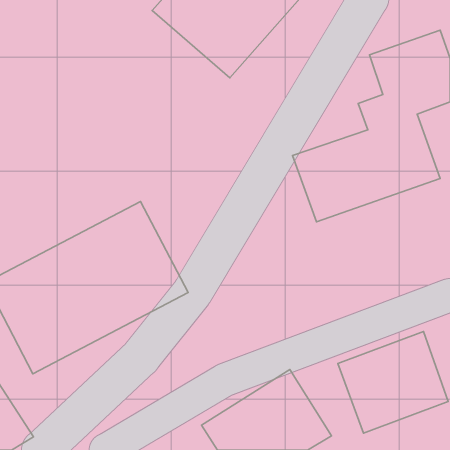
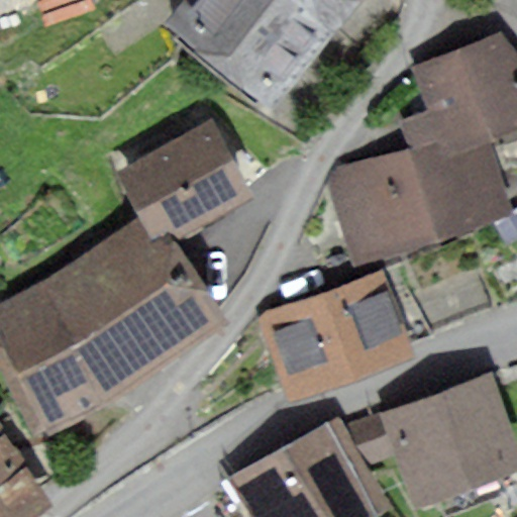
building: none -> [136,124,248,233]
building: none -> [265,276,406,390]

